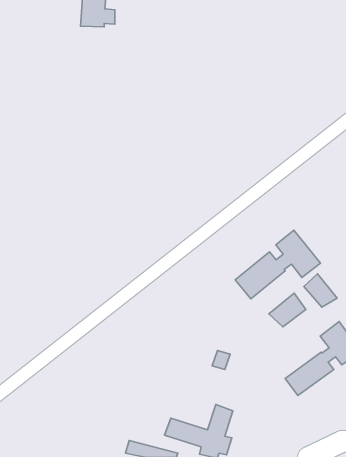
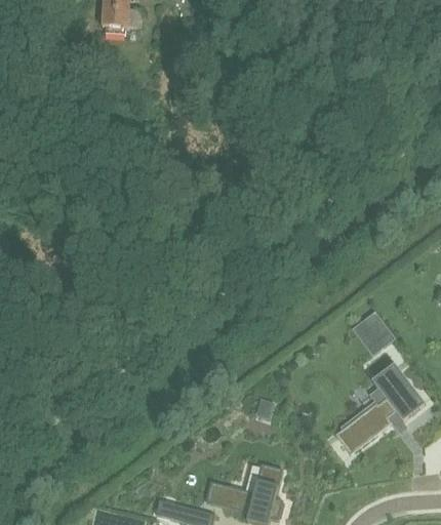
building: [235,230,321,299] -> none
building: [269,293,306,327] -> none

